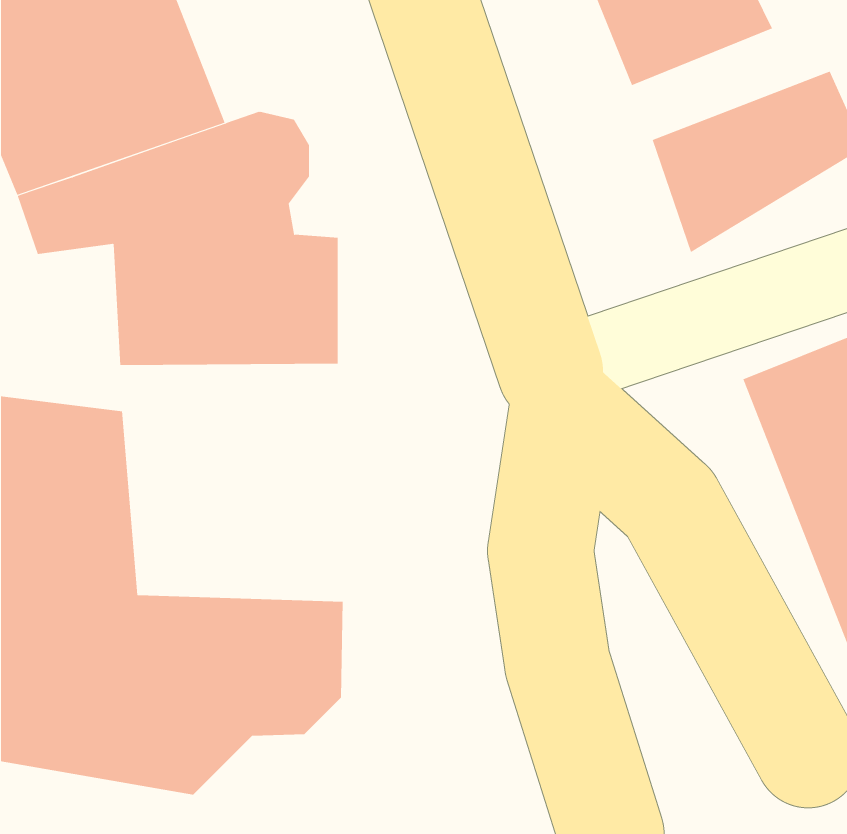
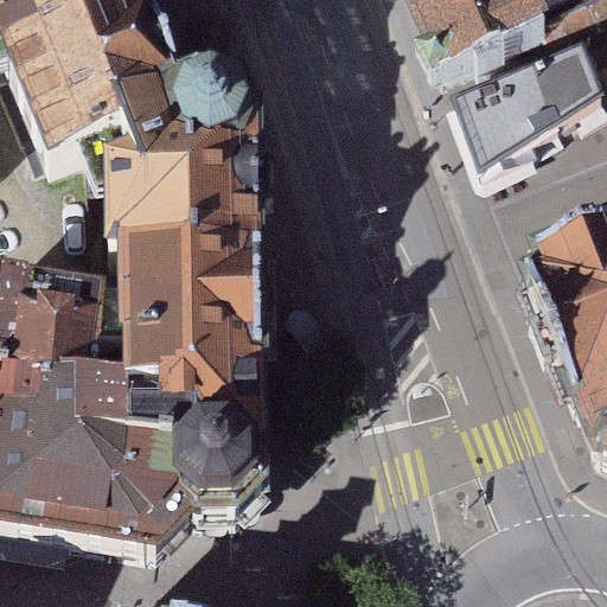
building: none -> [94,256,251,423]

